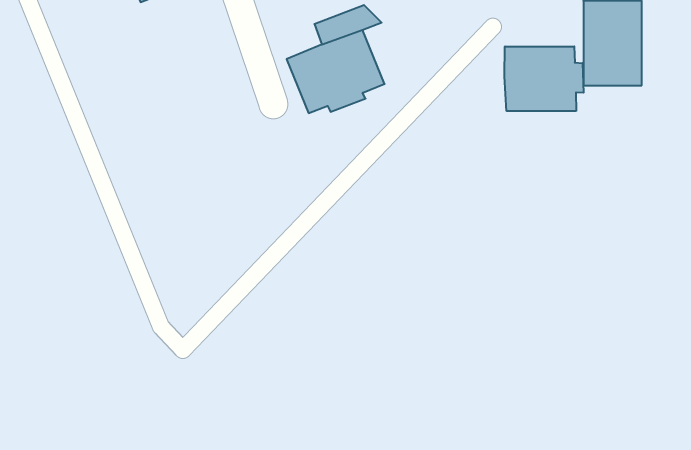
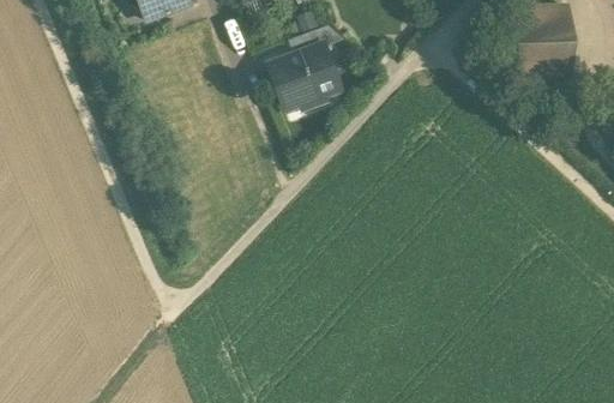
building: [504,46,584,111] -> none

